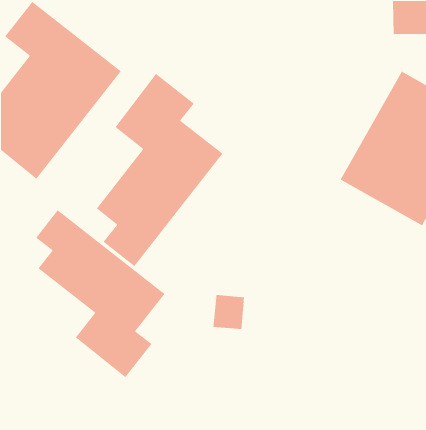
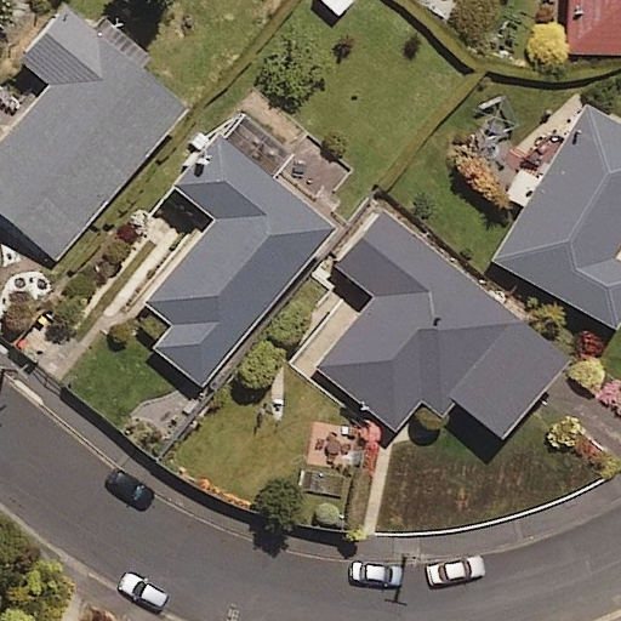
building: none -> [319,211,563,437]
building: [35,209,165,378] -> none

